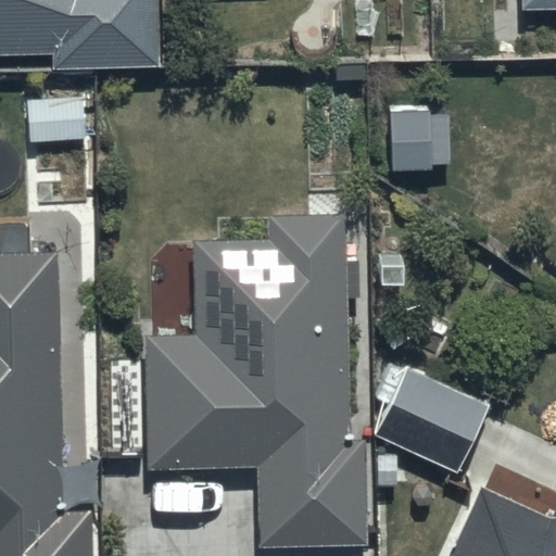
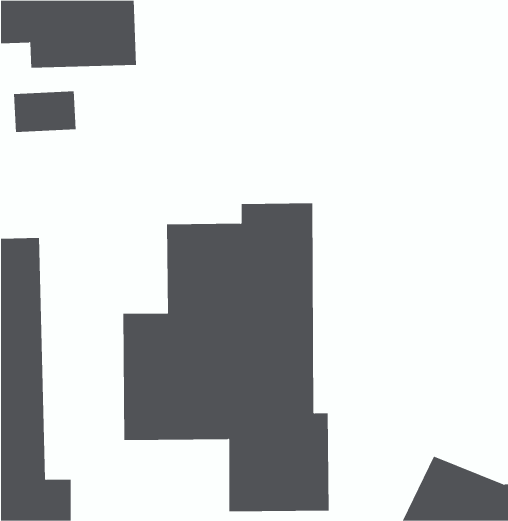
building: [375,365,488,471] -> none

